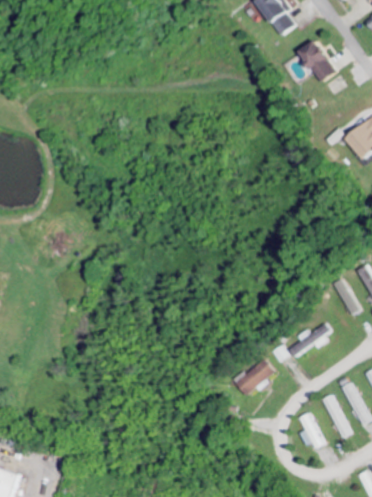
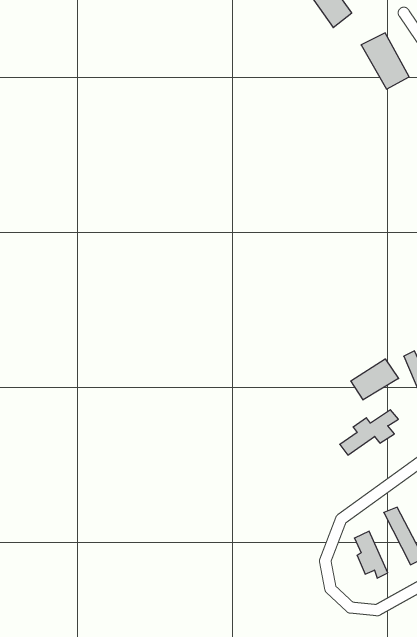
building: none -> [351,359,399,400]
building: [235,358,276,396] -> none

